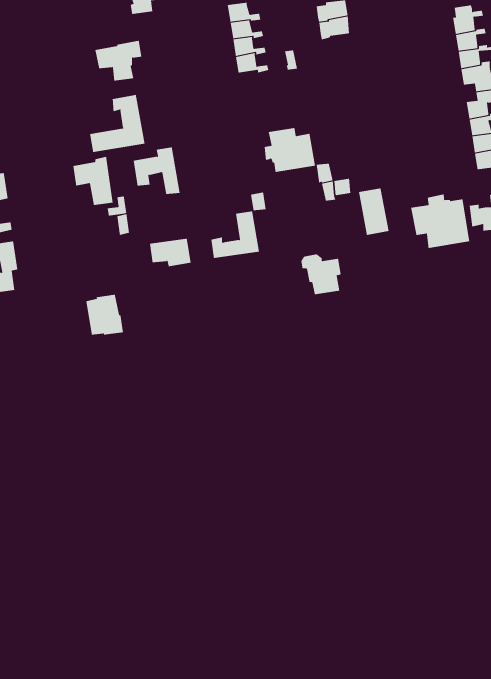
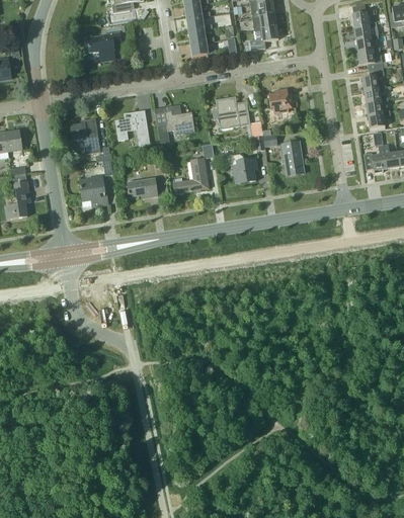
building: none -> [249,25,277,50]
building: [90,94,145,153] -> none
building: none -> [268,87,294,113]
building: none -> [157,104,194,143]
building: [411,193,470,249] -> none
building: [301,254,342,295] -> [227,153,257,183]
building: [86,294,124,335] -> [79,175,107,205]

